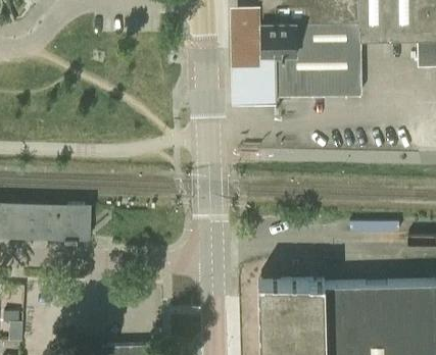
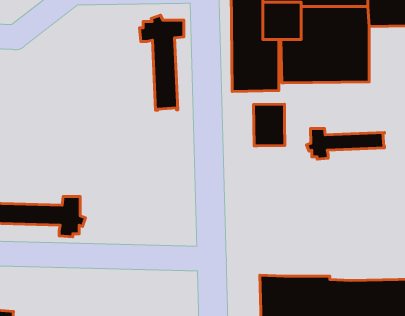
building: none -> [140,15,184,110]
building: none -> [254,104,285,146]
building: none -> [307,128,385,159]

